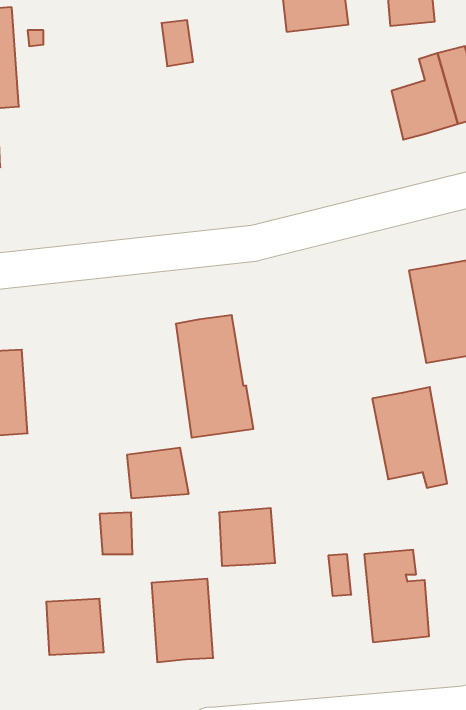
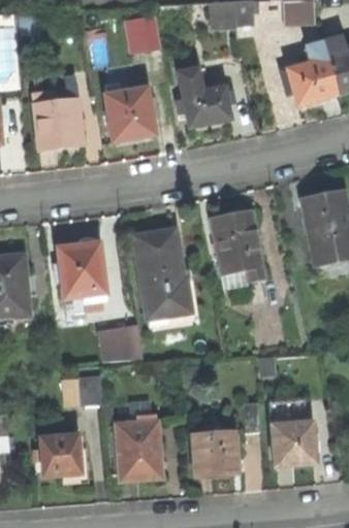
building: none -> [176,66,230,129]
building: none -> [106,89,154,140]
building: none -> [33,91,84,151]
building: none -> [59,237,106,302]
building: [372,387,447,488] -> [211,209,264,282]
building: [219,508,275,566] -> [195,431,235,472]

